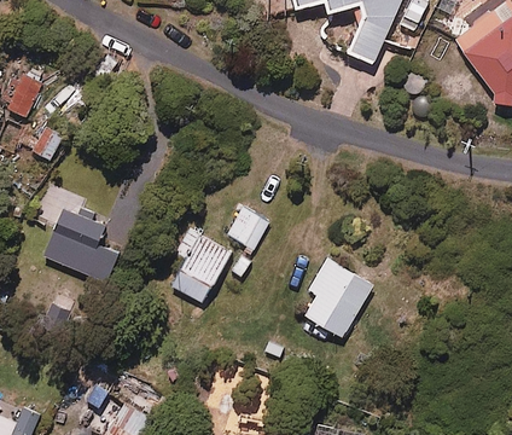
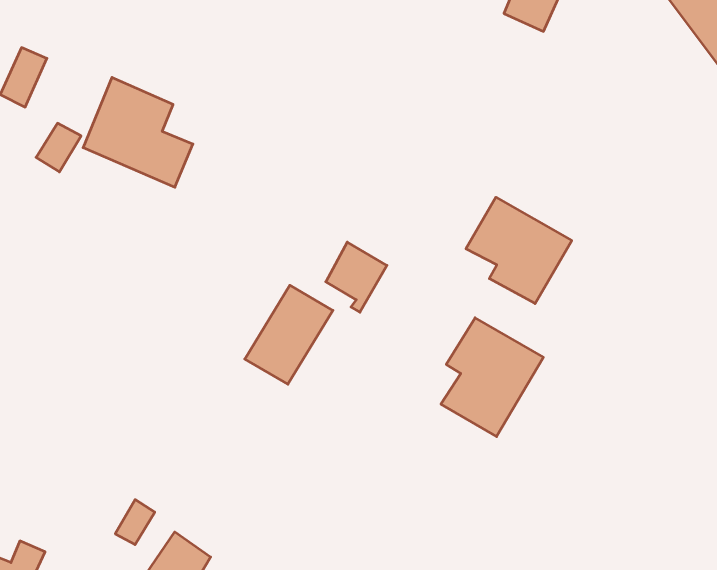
building: none -> [466,197,572,304]
building: [45,208,118,282] -> [83,77,193,187]

